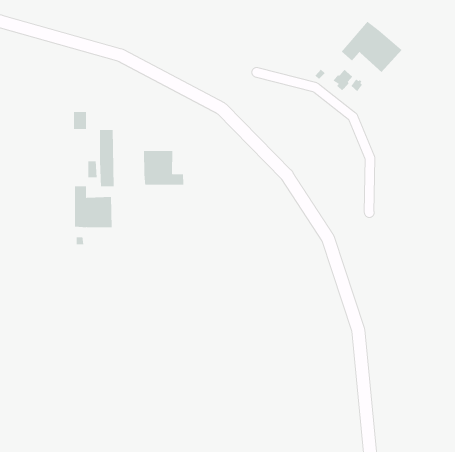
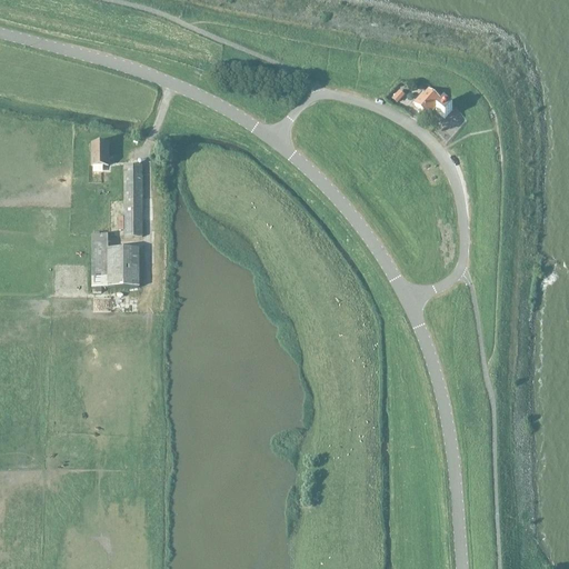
building: [341,21,403,73] -> none
building: [143,150,184,186] -> none

